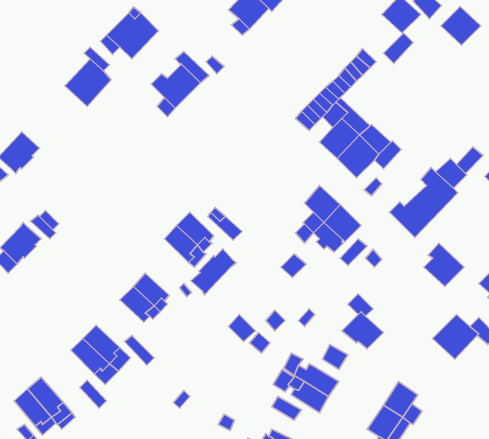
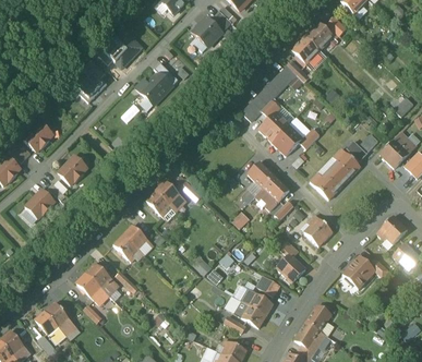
building: [441,6,481,45] -> [291,35,321,63]
building: none -> [58,154,88,184]
building: [424,243,464,286] -> [304,214,334,245]
building: [191,249,236,295] -> none

